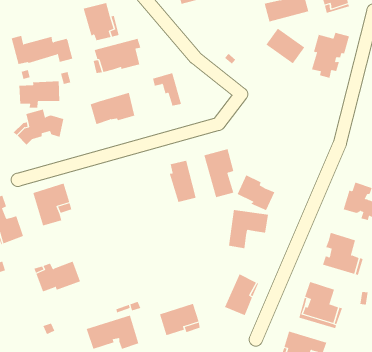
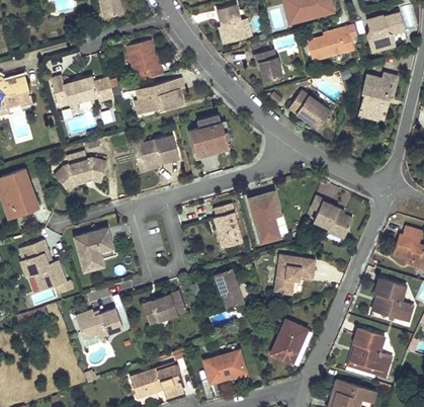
building: none -> [257,49,285,81]
building: [266,28,305,64] -> [289,90,330,128]
building: [19,80,60,109] -> none
building: none -> [187,126,218,159]
building: [237,174,275,211] -> [314,200,353,238]
building: none -> [214,268,244,309]
building: none -> [142,291,187,325]

